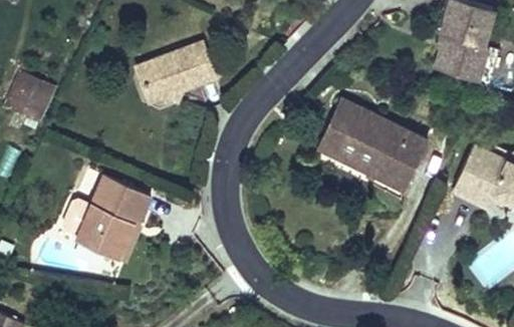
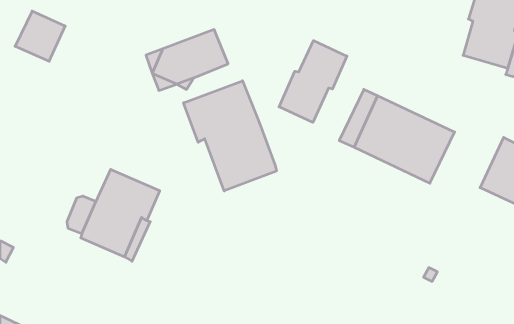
building: none -> [279,41,347,122]
building: [6,74,53,121] -> [15,11,65,61]
building: none -> [184,81,276,191]

